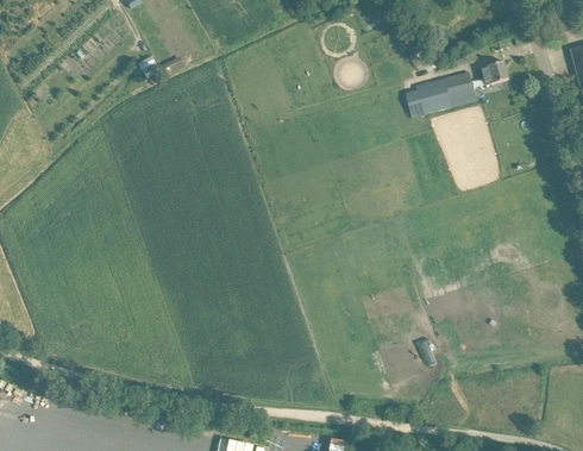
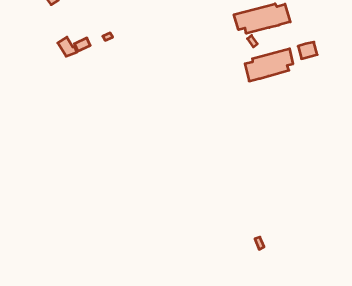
building: none -> [234,4,290,33]

